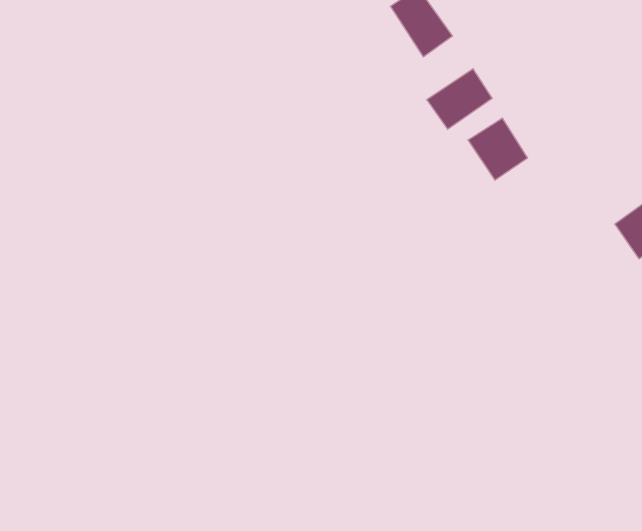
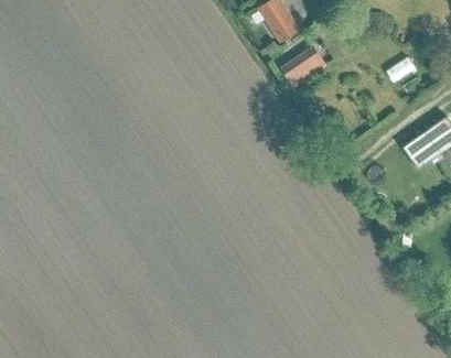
building: [468,118,528,180] -> none

